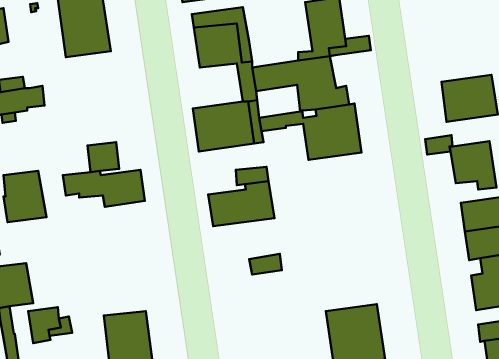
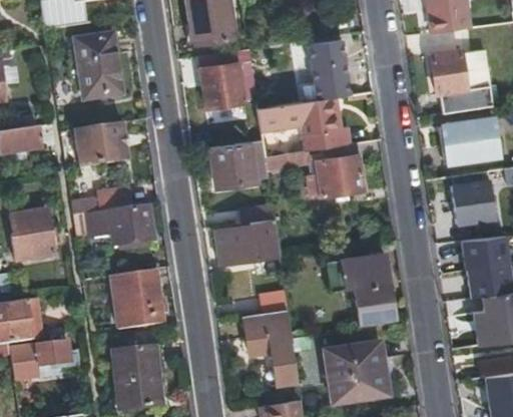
building: none -> [429,47,491,113]
building: none -> [75,122,126,165]
building: none -> [341,246,395,321]
building: none -> [112,270,163,329]
building: none -> [244,310,299,384]

